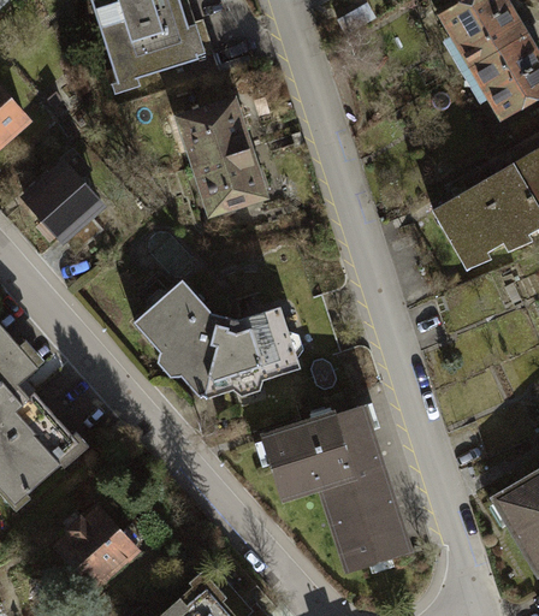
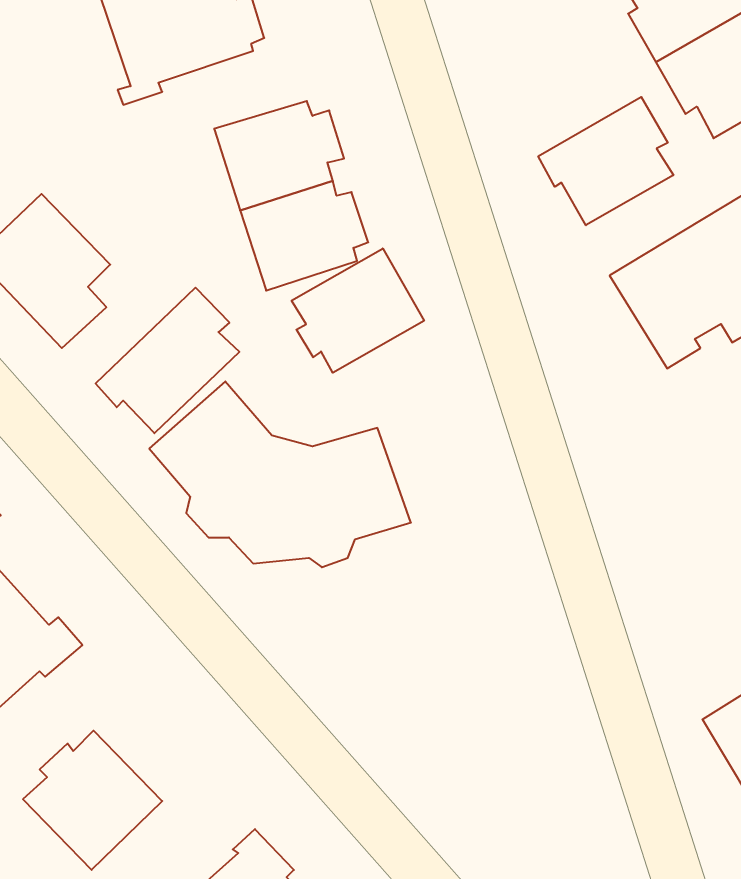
building: none -> [538,97,673,225]
building: none -> [292,248,424,373]
building: none -> [96,288,239,433]
building: [255,402,410,569] -> none

